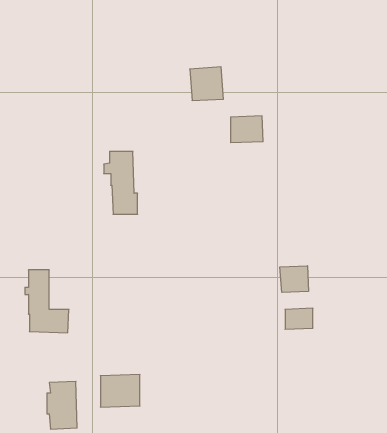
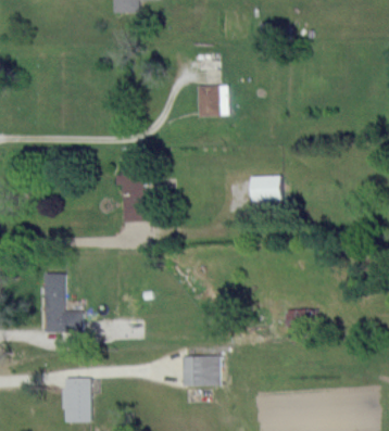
building: [231,116,263,143] -> [250,176,280,201]
building: [280,266,308,292] -> none
building: [100,375,140,407] -> [181,356,218,386]

